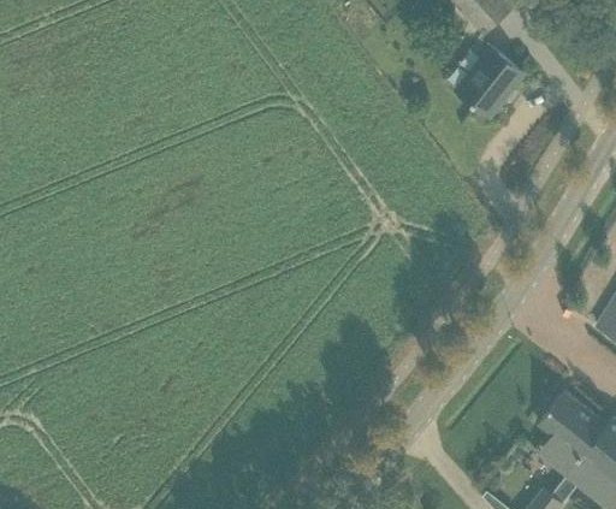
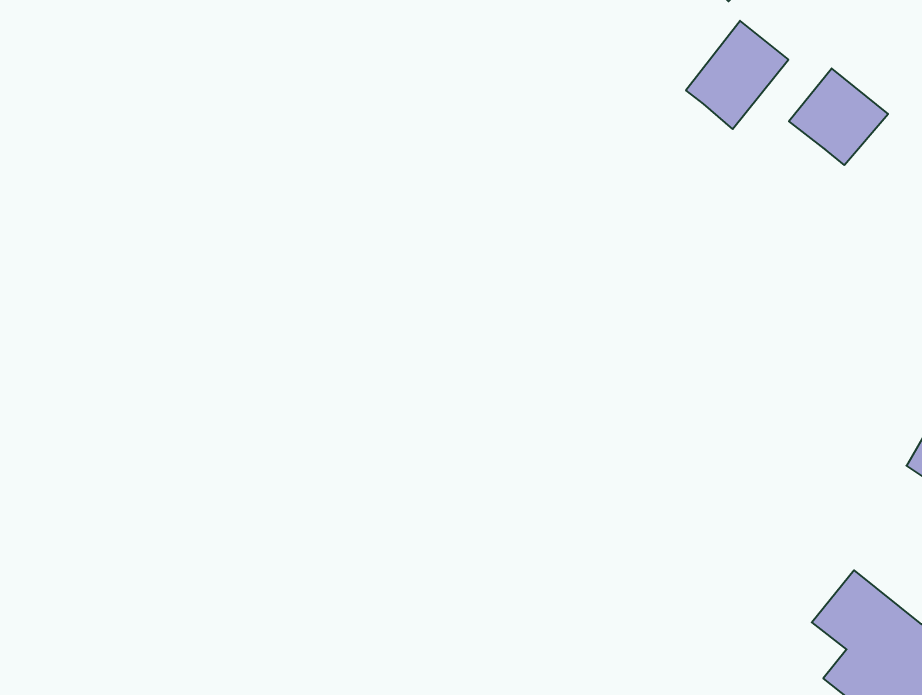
building: none -> [789,68,888,165]

